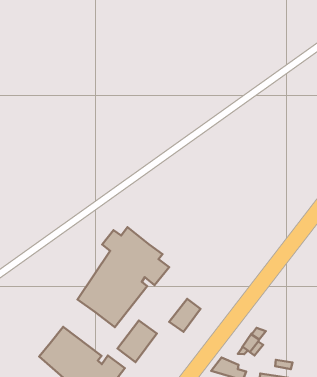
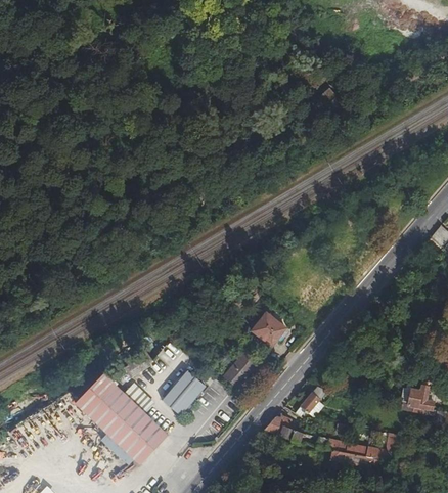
building: [78,227,169,327] -> none
building: none -> [252,311,285,345]

